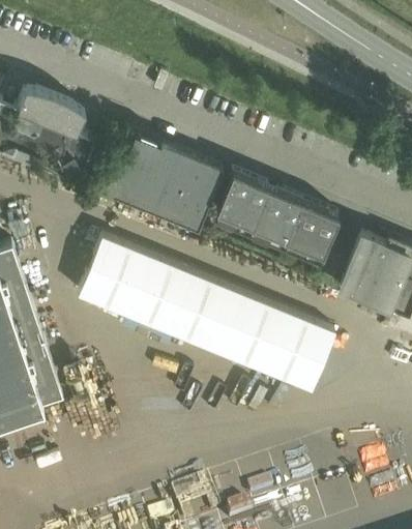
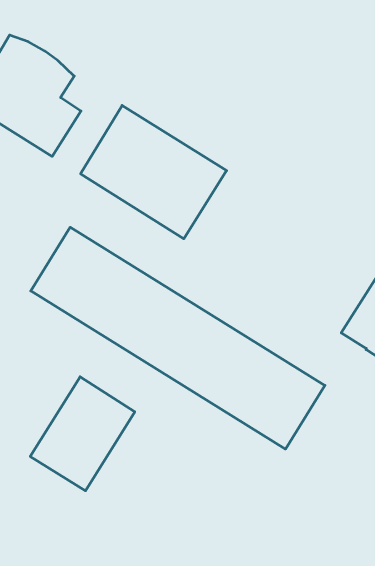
building: [216,174,339,256] -> none
building: none -> [30,377,135,491]

